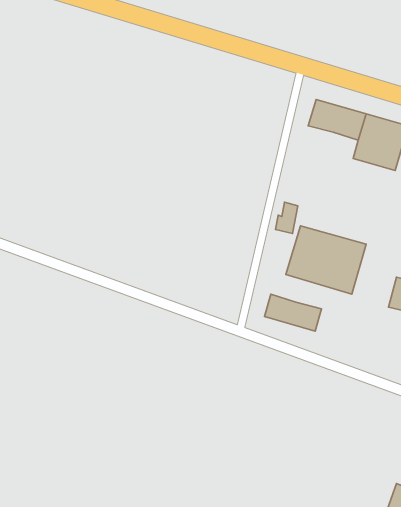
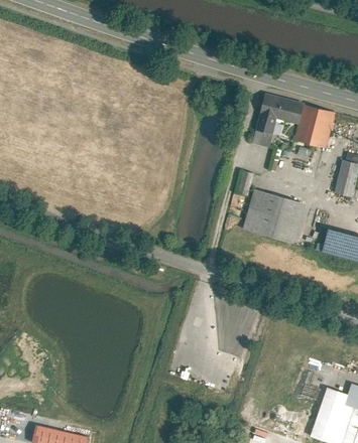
building: none -> [251,113,278,147]
building: [265,294,322,331] -> none

